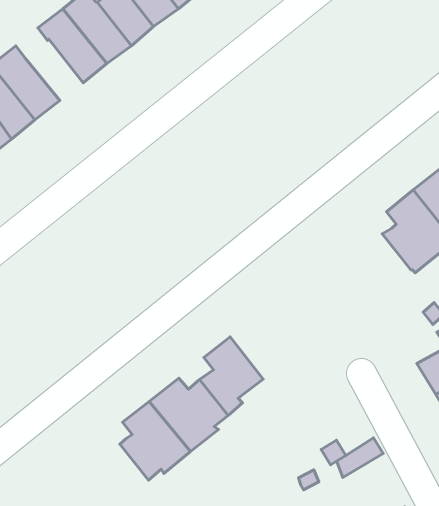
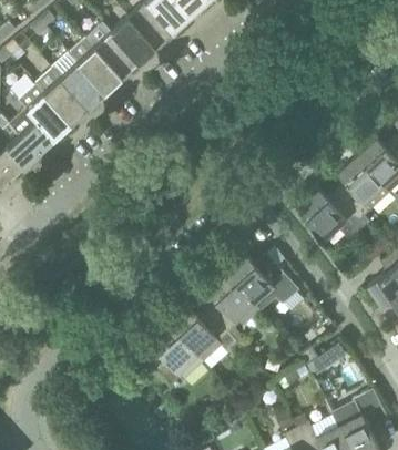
building: none -> [62,61,106,106]
building: none -> [302,191,369,241]
building: none -> [228,254,290,311]

